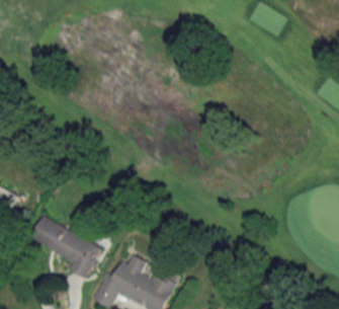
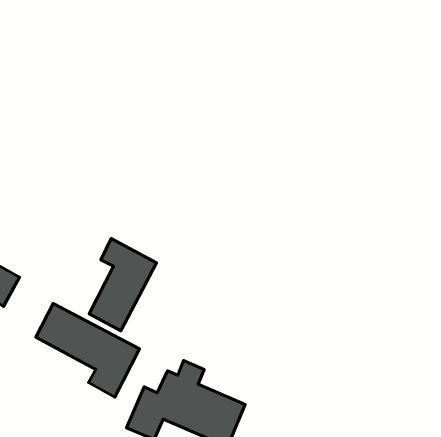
building: none -> [89,239,156,331]

